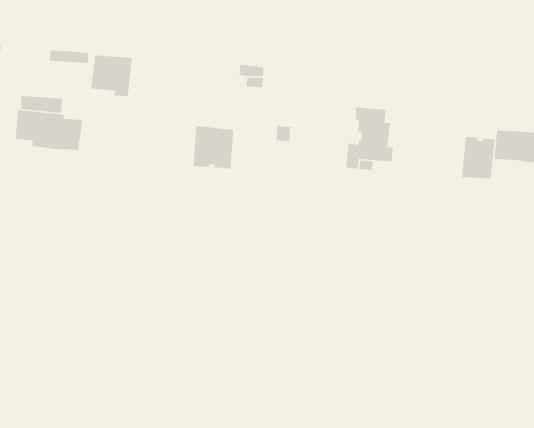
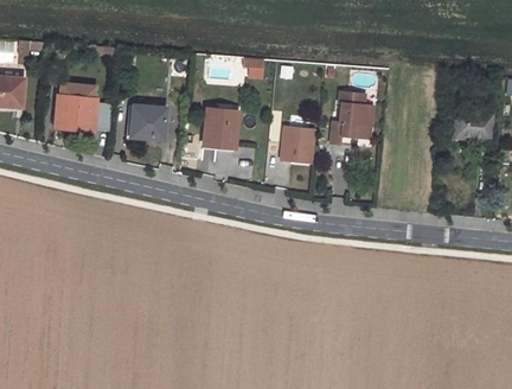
building: [90,55,133,97] -> [129,104,165,140]
building: [461,136,495,179] -> none
building: none -> [281,128,314,161]

